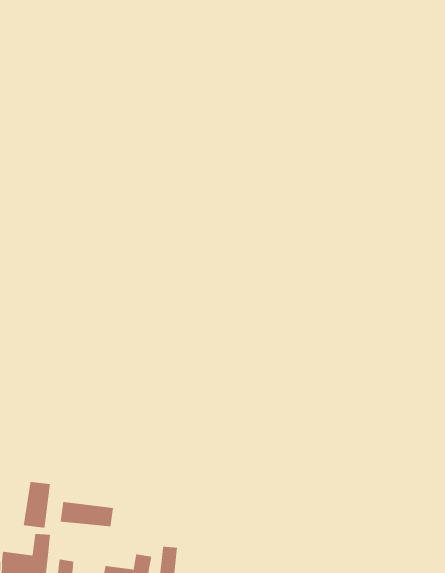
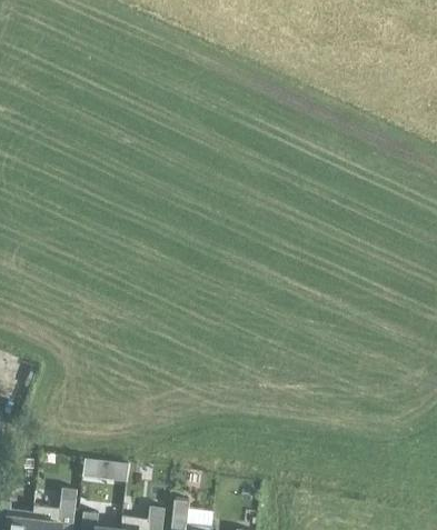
building: [23,481,51,529] -> none

